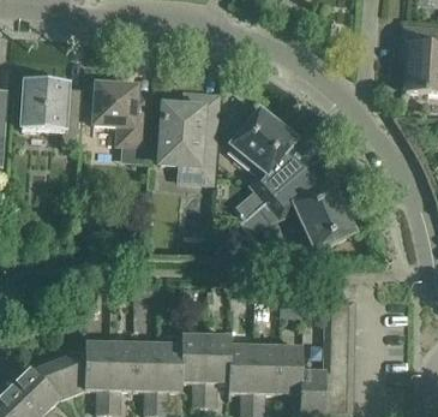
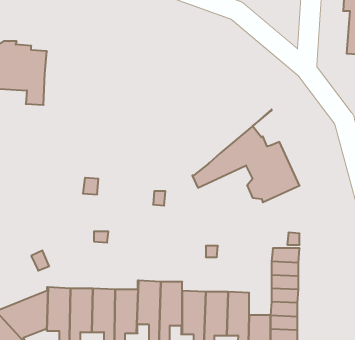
building: [92,83,150,145] -> none
building: [160,106,216,183] -> none
building: [230,109,324,221] -> none

